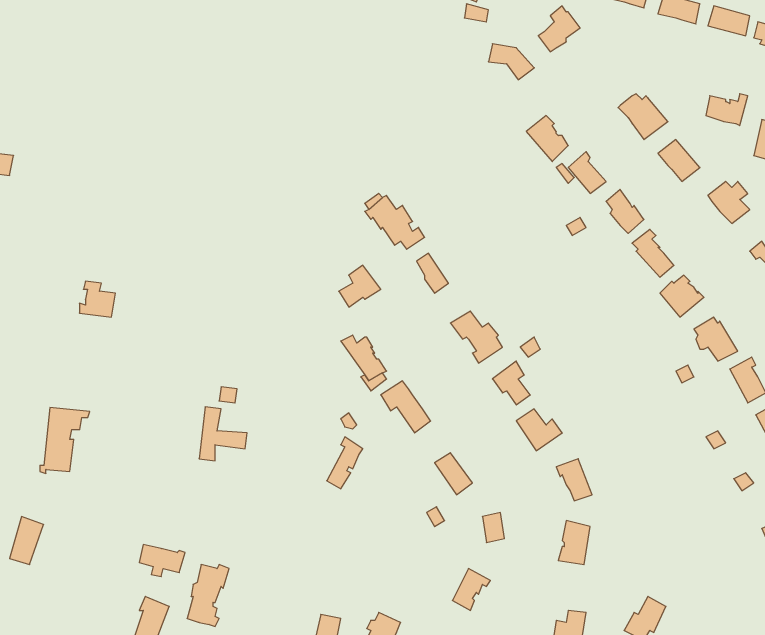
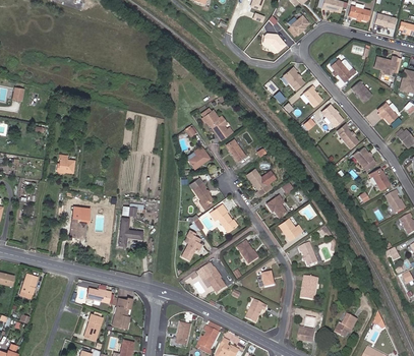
building: [40,408,90,473] -> [67,205,93,239]
building: none -> [197,262,226,291]

